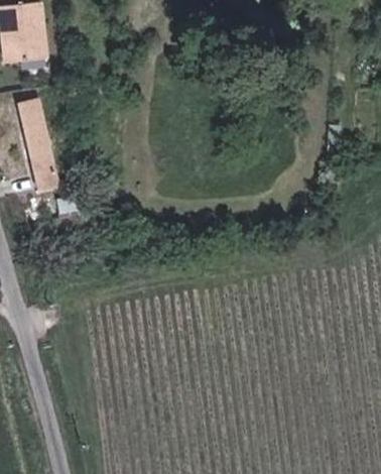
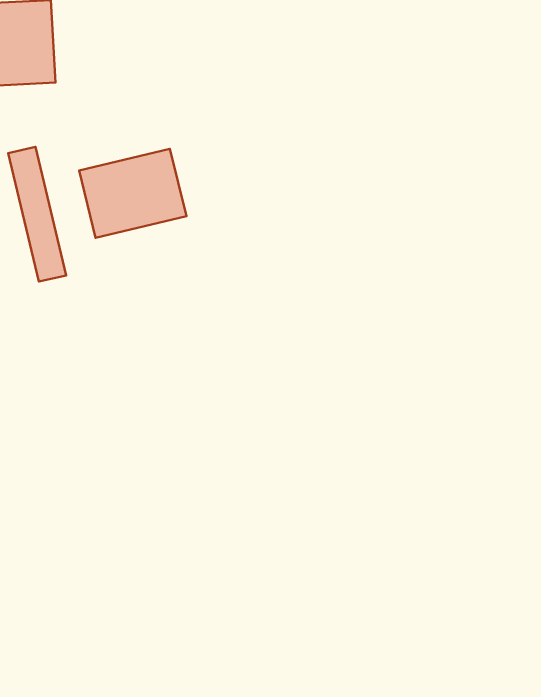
building: none -> [79,149,187,238]

